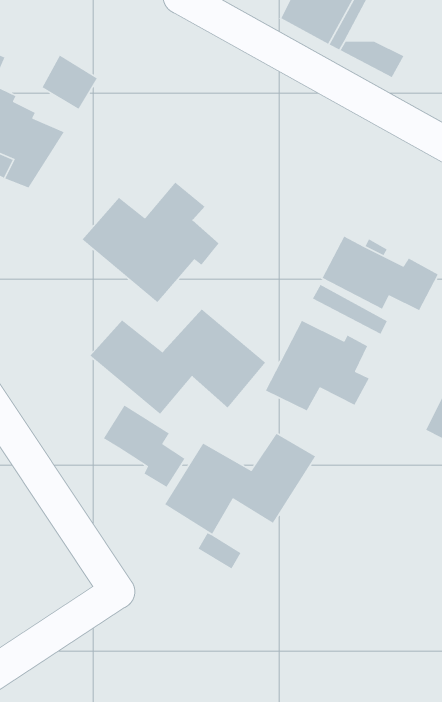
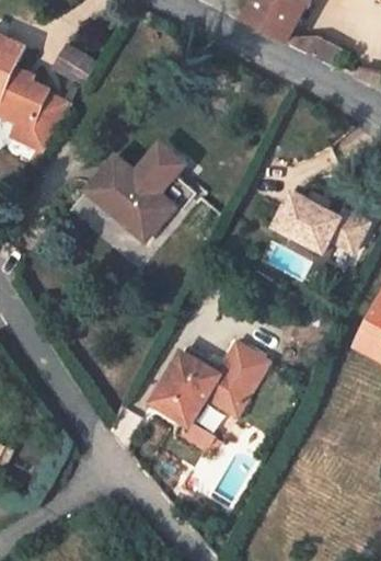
building: [90,308,266,415] -> none
building: [265,320,370,412] -> none
building: [103,405,185,488] -> none

